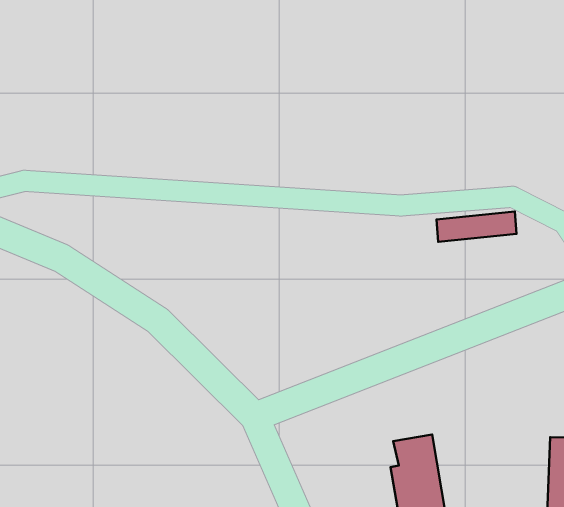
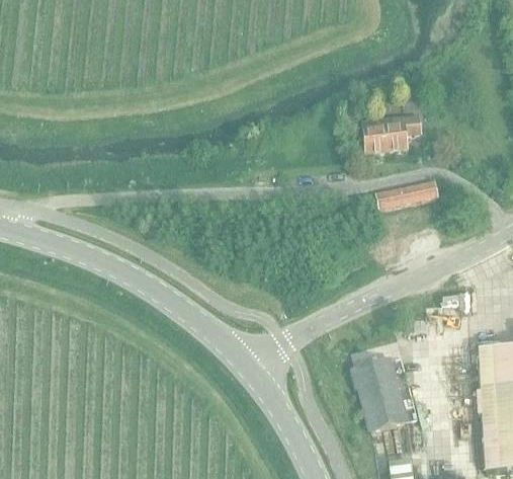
building: none -> [361,114,420,153]

